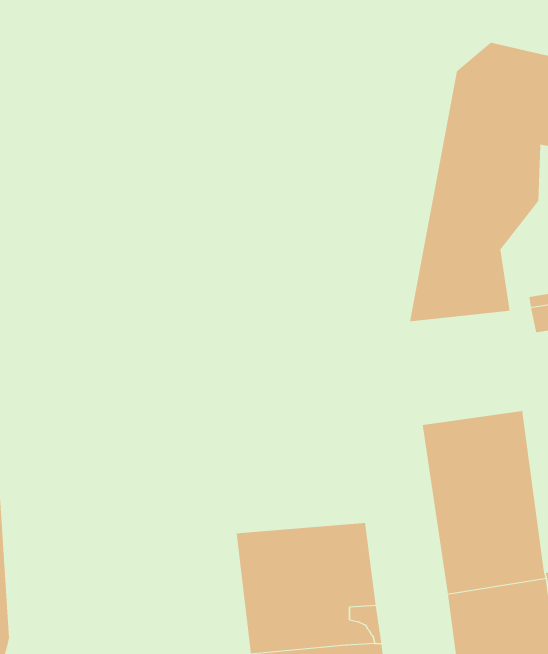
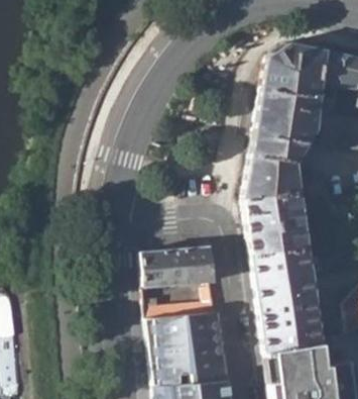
building: none -> [243,193,307,257]
building: none -> [140,245,215,287]
building: none -> [144,287,219,317]

